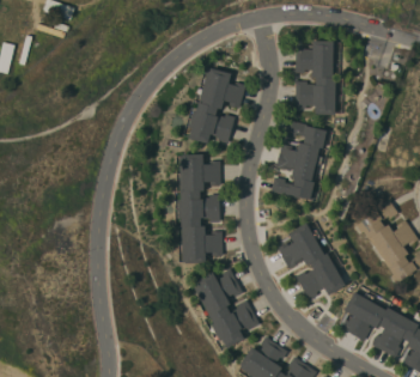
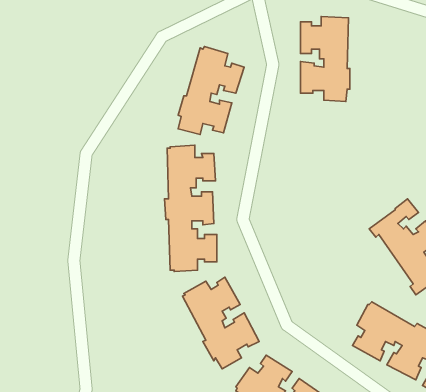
building: [269,120,329,201] -> none
building: [276,223,345,299] -> none

